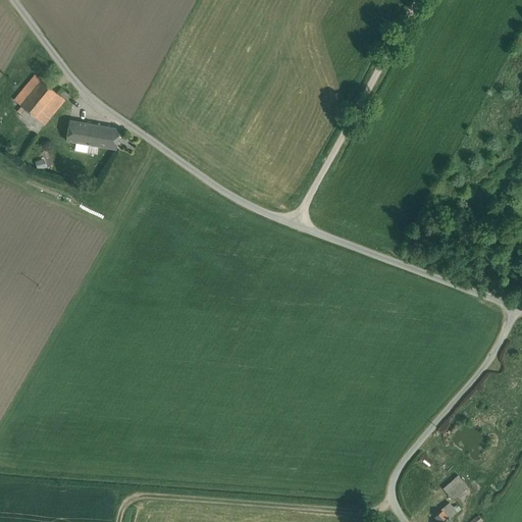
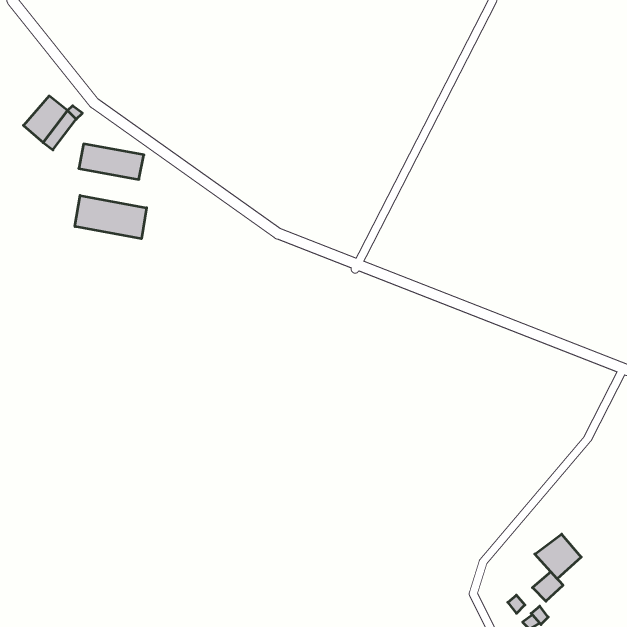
building: none -> [75,195,147,239]
building: none -> [535,534,581,579]

